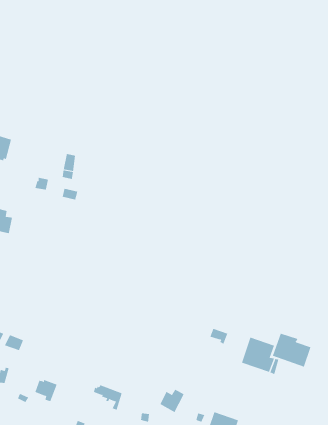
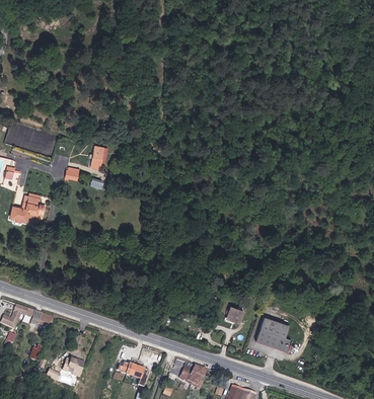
building: [272,333,311,368] -> none

